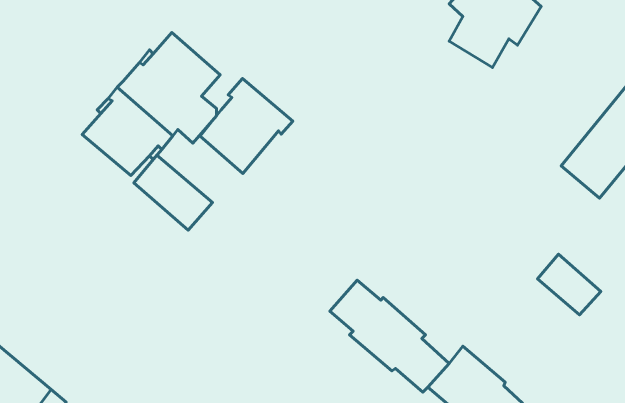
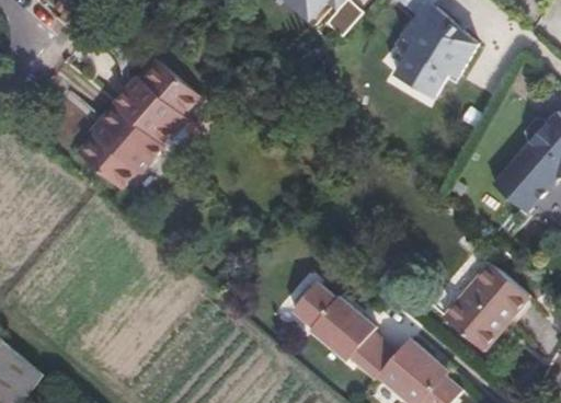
building: [200,79,293,173] -> none
building: [134,155,213,230] -> none
building: none -> [444,280,512,348]

